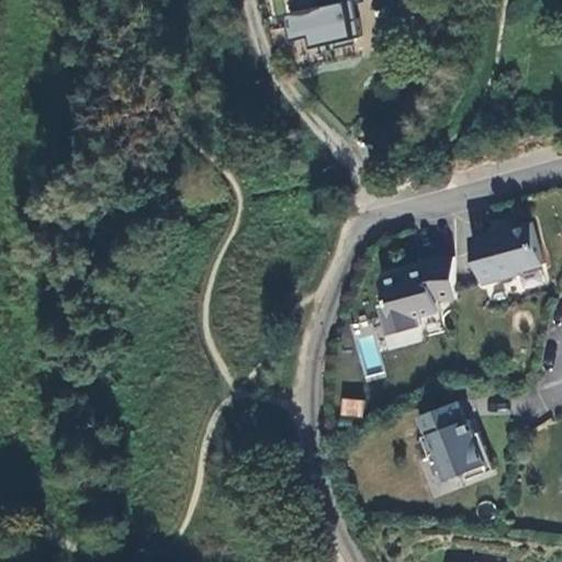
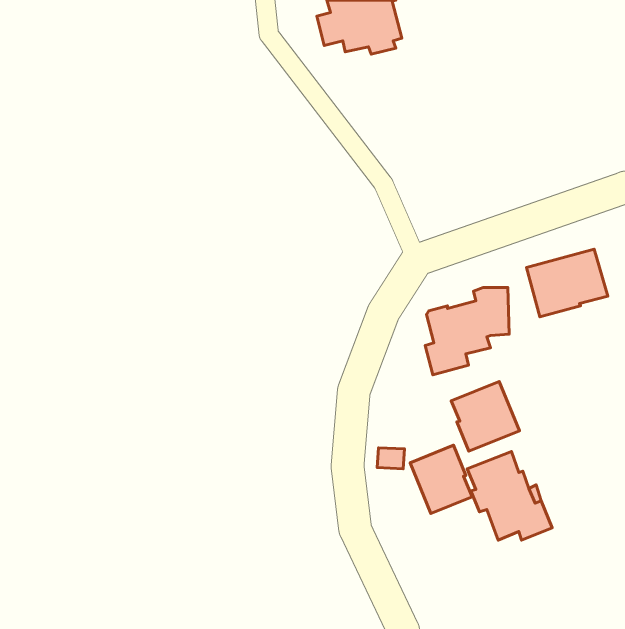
building: none -> [451,382,519,451]
building: none -> [410,445,472,513]

